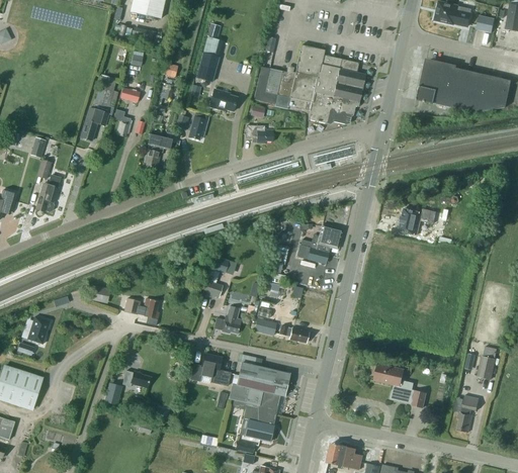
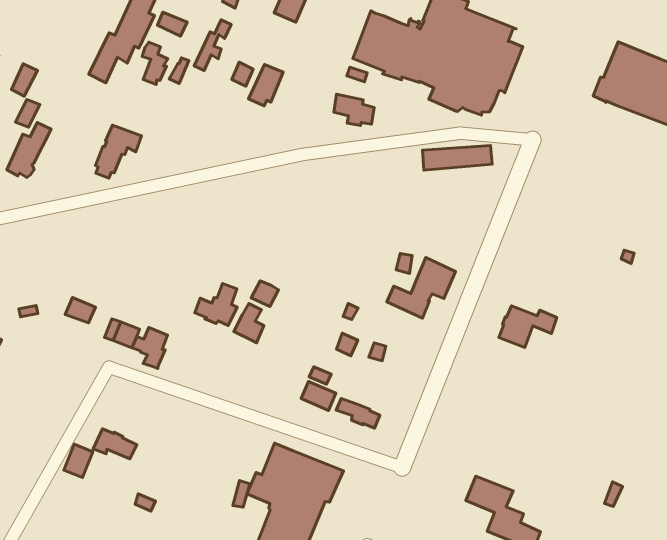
building: [208,89,237,111] -> none
building: [144,133,171,169] -> [96,125,141,178]
building: [399,208,435,234] -> [499,306,557,348]
building: [213,305,241,333] -> [195,283,237,325]
building: [477,346,497,379] -> none
building: [189,354,231,385] -> none

